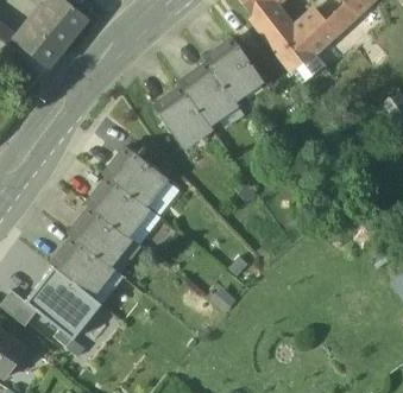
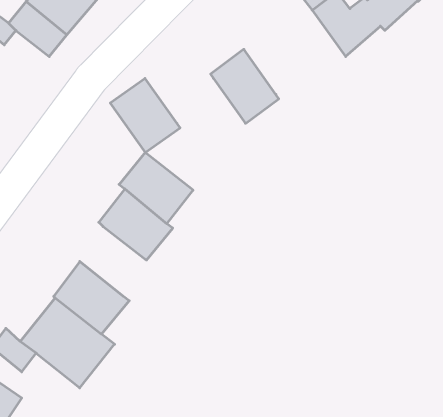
building: [204,38,263,100] -> none
building: [153,87,210,147] -> [110,78,180,152]
building: [70,208,130,265] -> none

